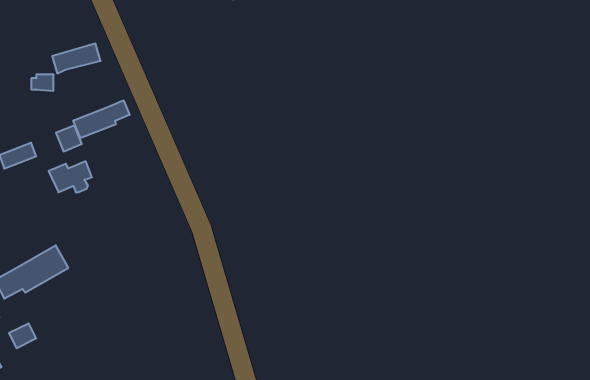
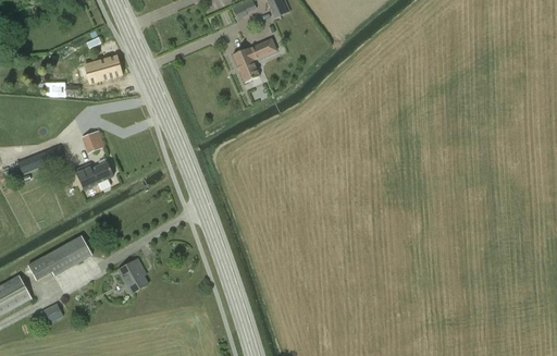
building: none -> [233,38,276,82]
building: [73,100,130,138] -> none
building: none -> [117,259,148,293]

